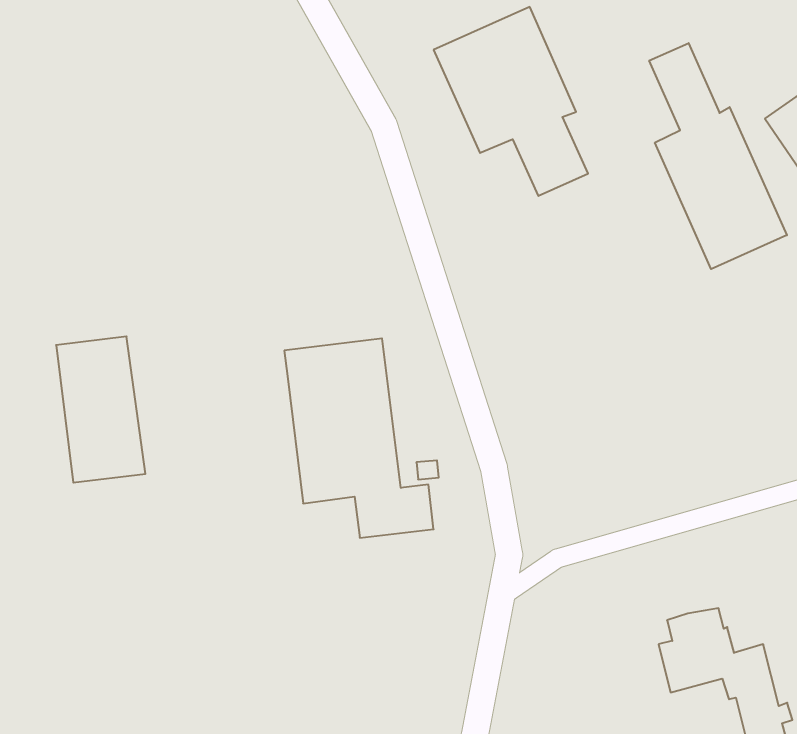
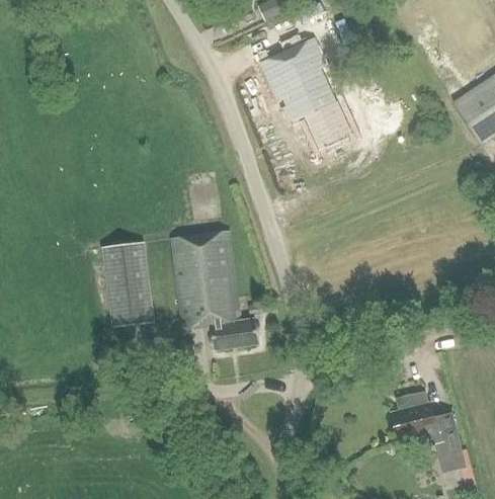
building: [649,43,787,269] -> none
building: [56,336,145,483] -> [102,240,155,326]

